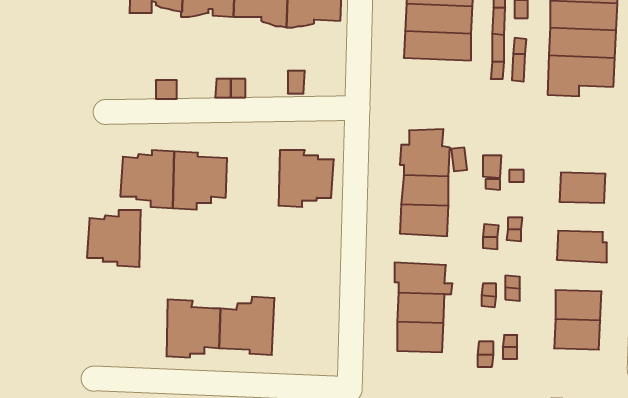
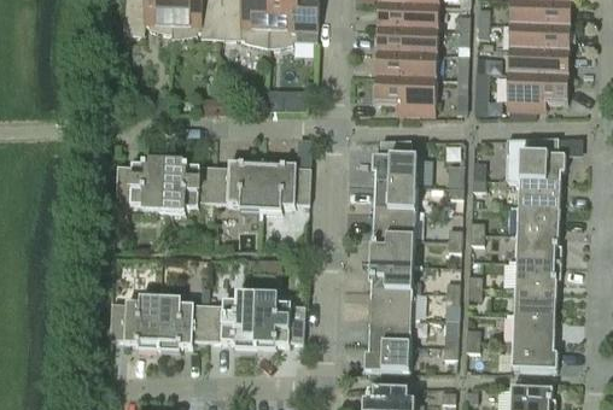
building: none -> [374,75,437,113]
building: none -> [507,137,565,181]
building: none -> [212,158,262,210]
building: none -> [516,206,559,234]
building: [87,210,141,267] -> [110,295,159,347]
building: none -> [367,235,415,264]
building: none -> [514,259,561,288]
building: none -> [255,294,305,347]
building: none -> [504,339,557,369]
building: none -> [364,342,410,371]

